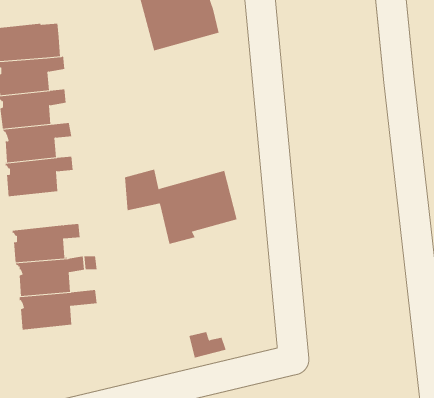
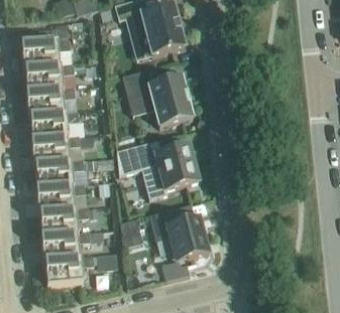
building: none -> [122,68,192,126]
building: none -> [32,159,84,188]
building: none -> [148,209,208,258]
building: none -> [120,216,144,247]
building: none -> [42,254,108,285]

